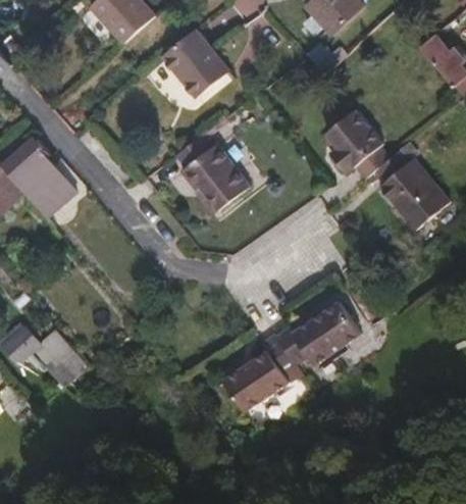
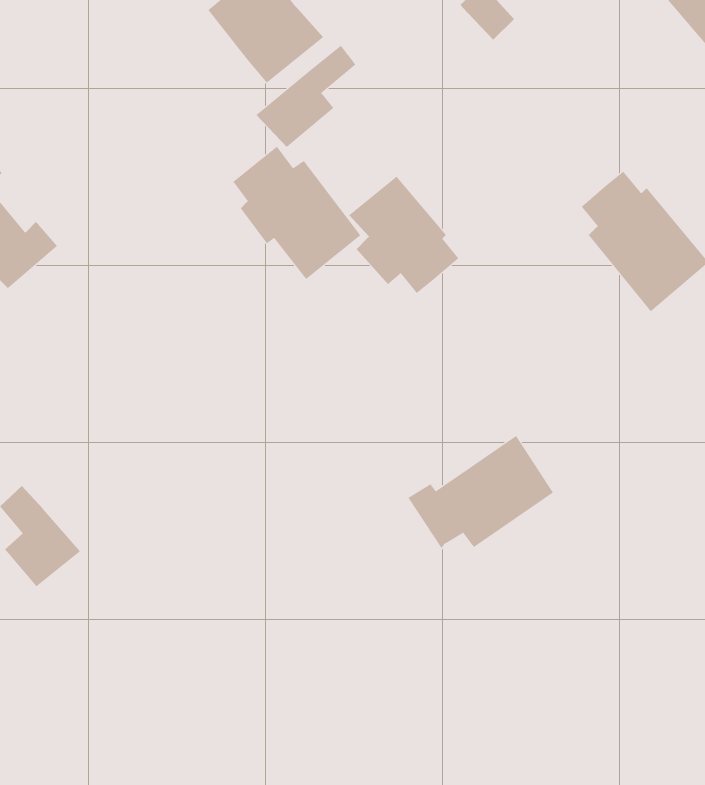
building: none -> [255,45,356,148]
building: [326,110,390,178] -> [349,176,459,294]
building: [222,334,298,412] -> none

